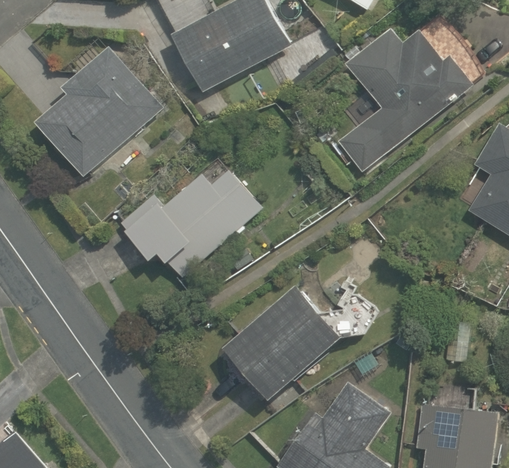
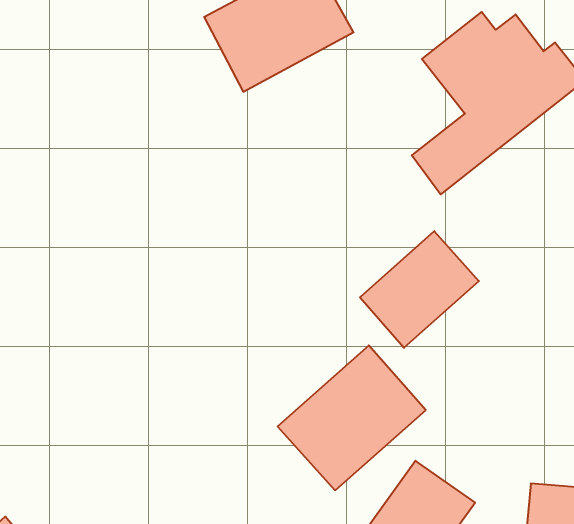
building: [34,46,162,176] -> none
building: [122,175,256,273] -> none
building: none -> [360,231,479,348]

